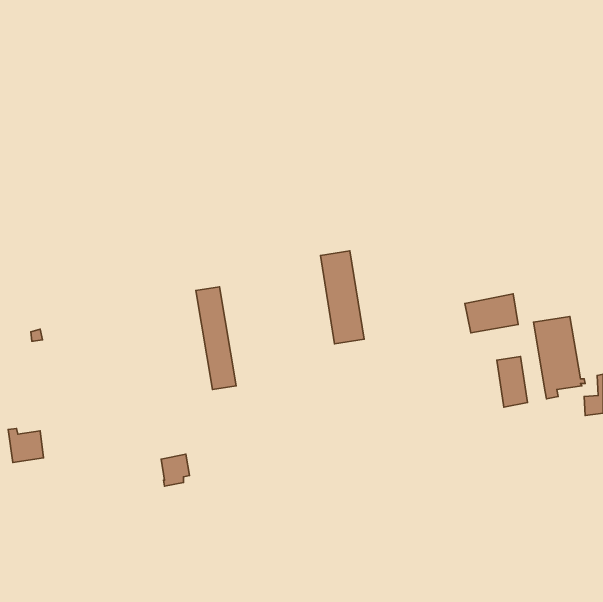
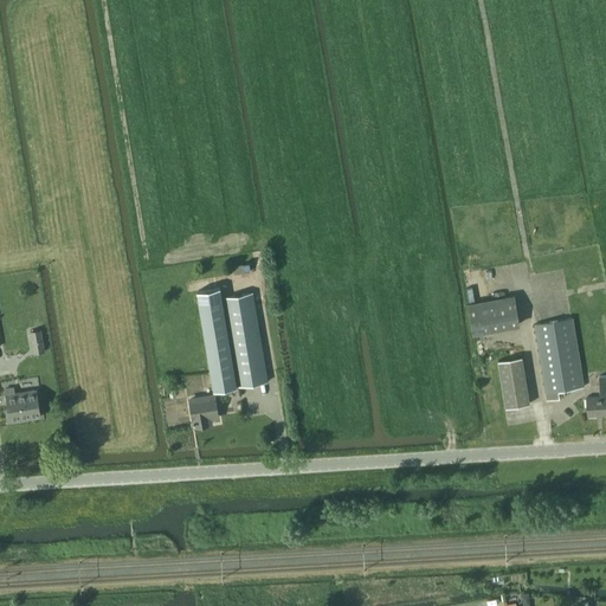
building: [320,251,364,344] -> [224,294,267,387]
building: [8,428,44,463] -> [5,388,40,423]
building: [161,454,189,486] -> [189,397,218,428]

